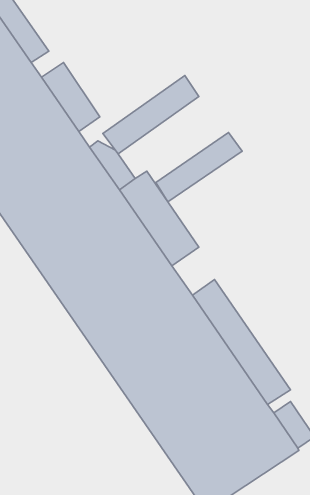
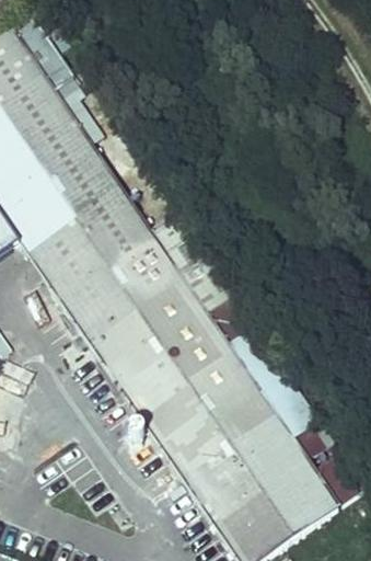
building: [103,76,199,154] -> none
building: [156,132,242,202] -> none

